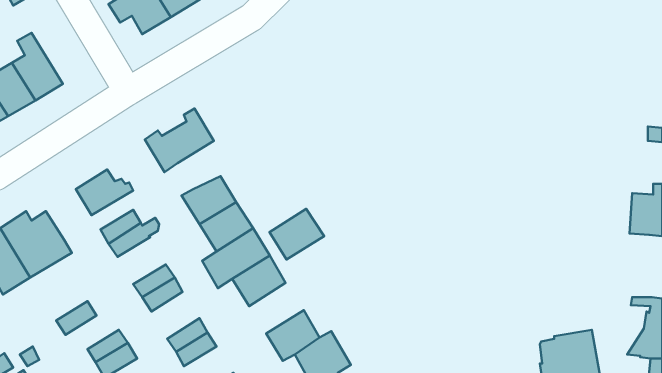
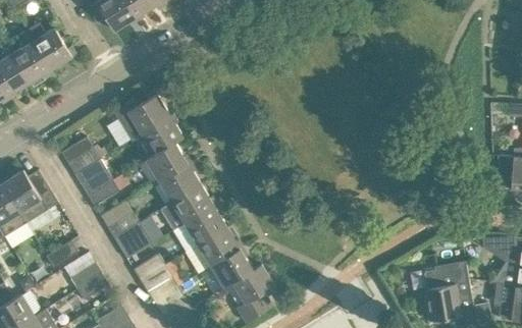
building: none -> [27,23,75,70]
building: none -> [141,115,182,153]
building: [270,209,324,259] -> [197,226,240,266]

